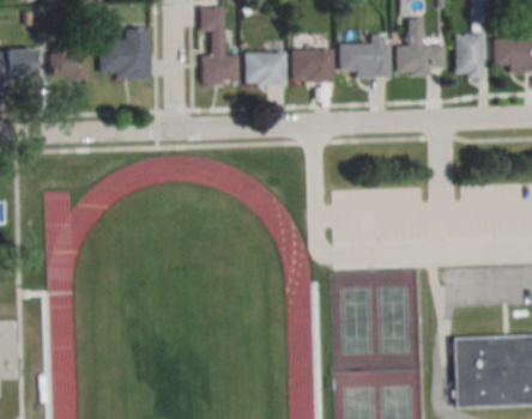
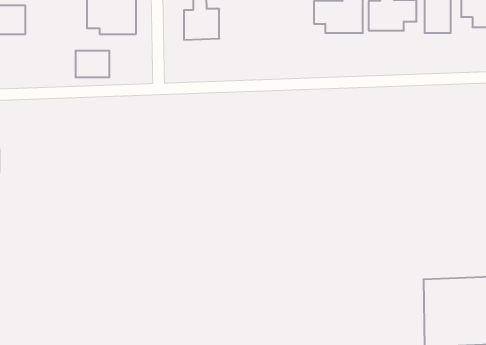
building: [292,49,334,81] -> none
building: [246,51,288,84] -> none
building: [52,53,87,80] -> [75,51,110,77]

